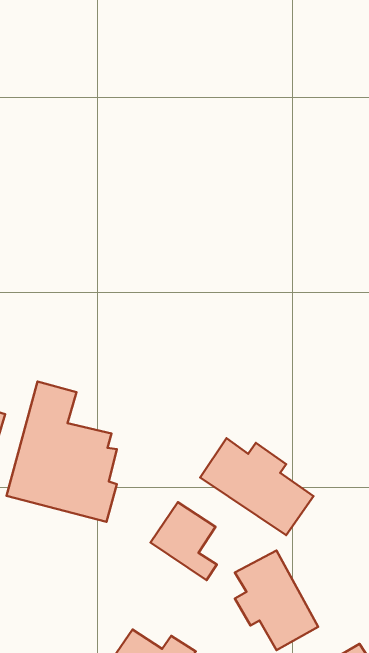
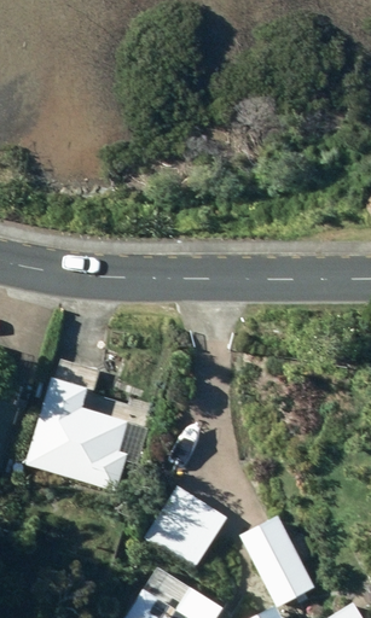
building: [200,438,314,535] -> none

